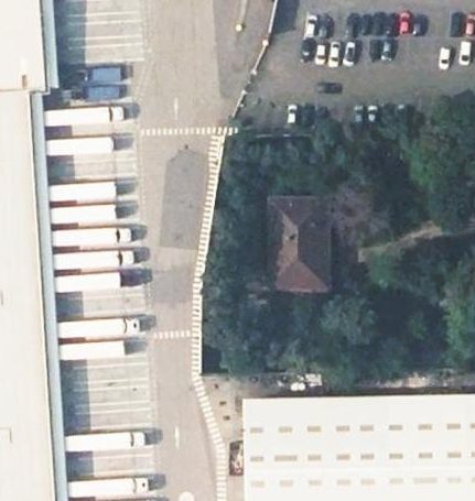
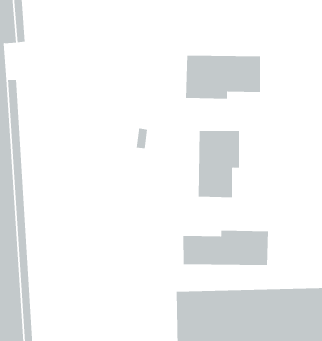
building: none -> [186,55,261,99]
building: none -> [183,230,269,266]

